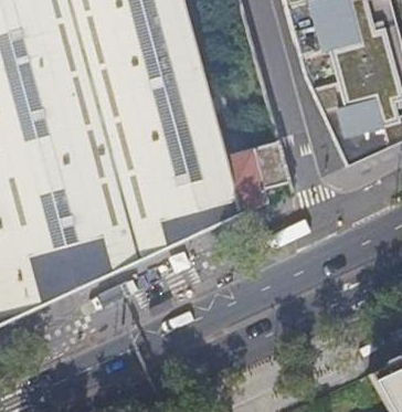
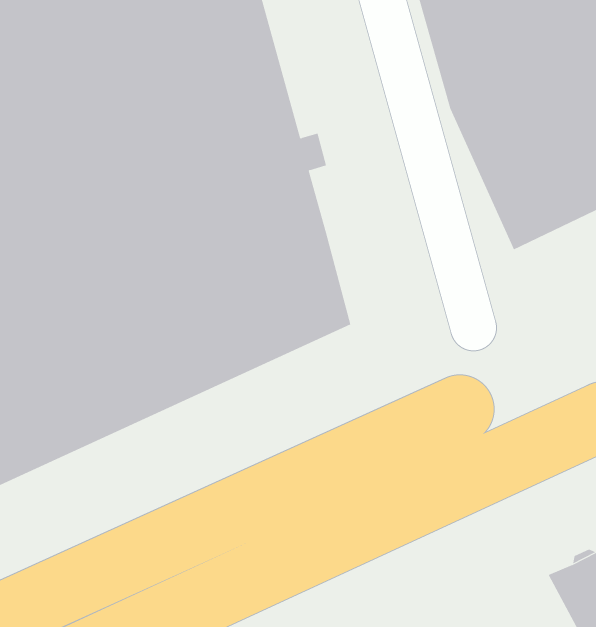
building: [228,137,289,210] -> none

